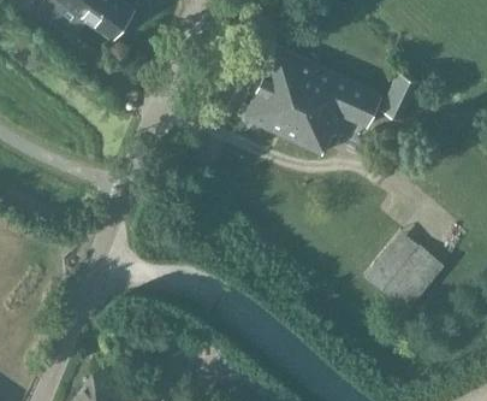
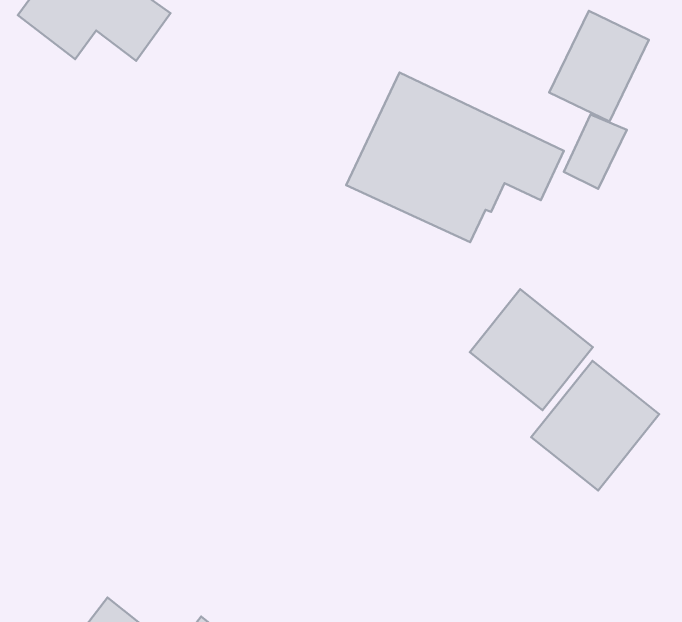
building: none -> [549,11,649,121]
building: none -> [470,289,593,410]

